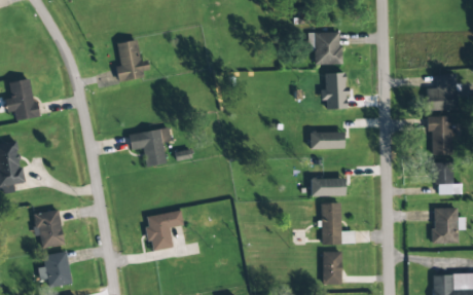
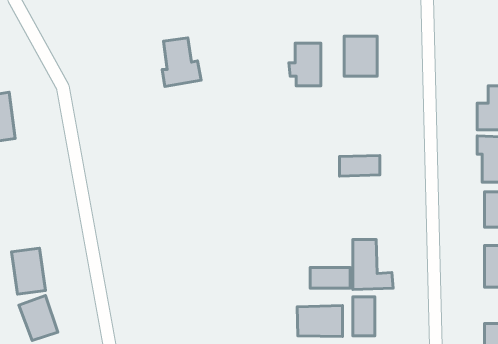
building: [115,40,148,81] -> [162,38,201,86]
building: [321,73,348,109] -> [289,43,321,86]
building: [129,128,171,167] -> none
building: [312,178,345,195] -> [310,268,350,288]
building: [145,211,182,251] -> none
building: none -> [297,306,342,336]

